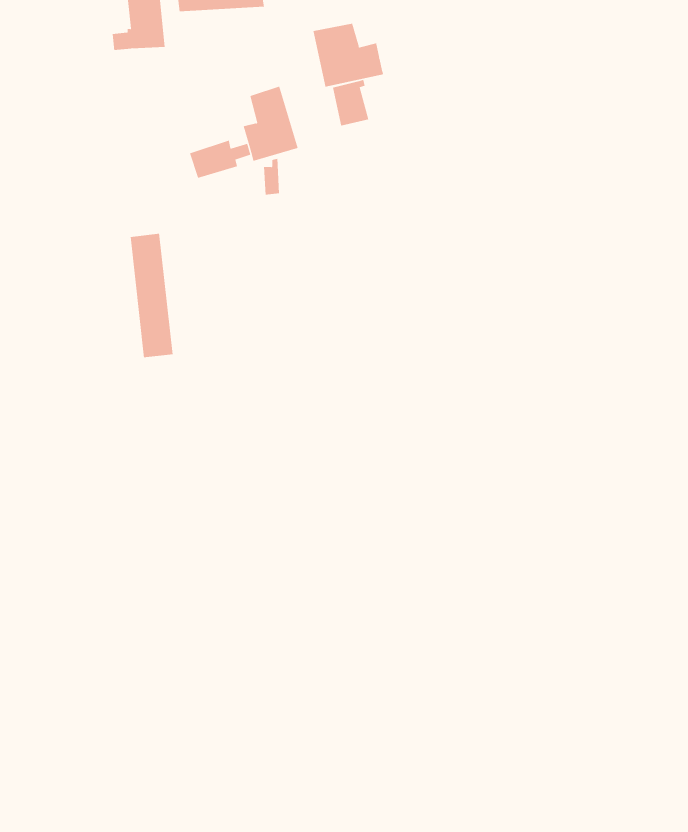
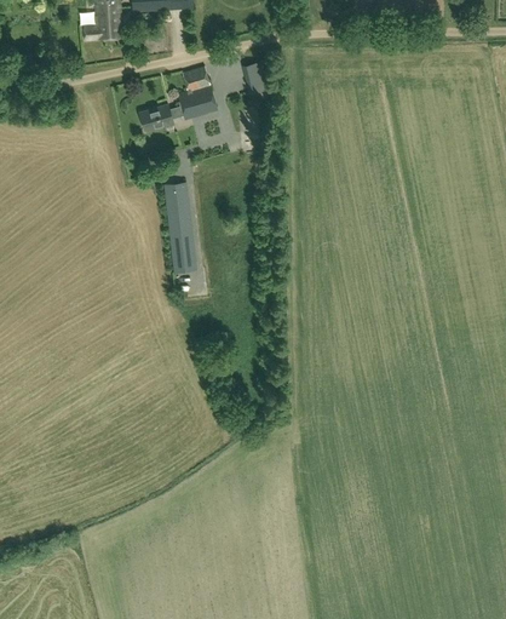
building: [313,23,384,88] -> none
building: [130,233,173,358] -> [165,182,196,271]

